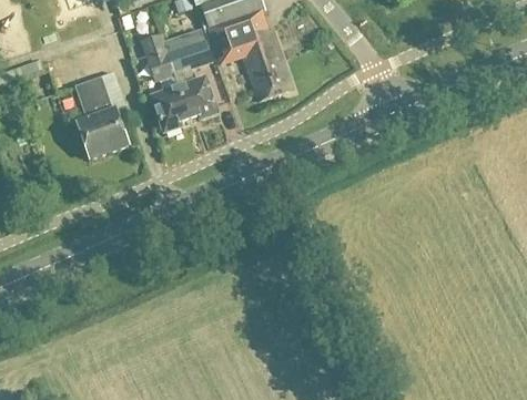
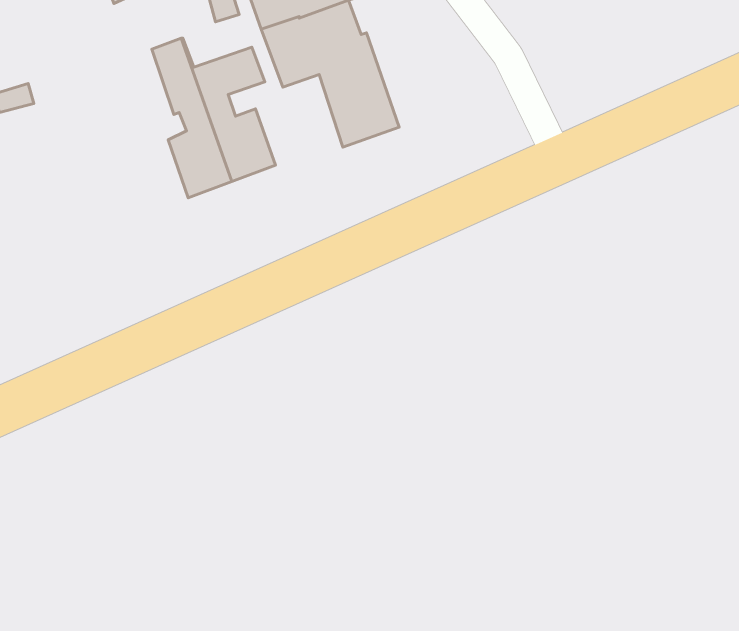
building: [74,74,130,158] -> none

